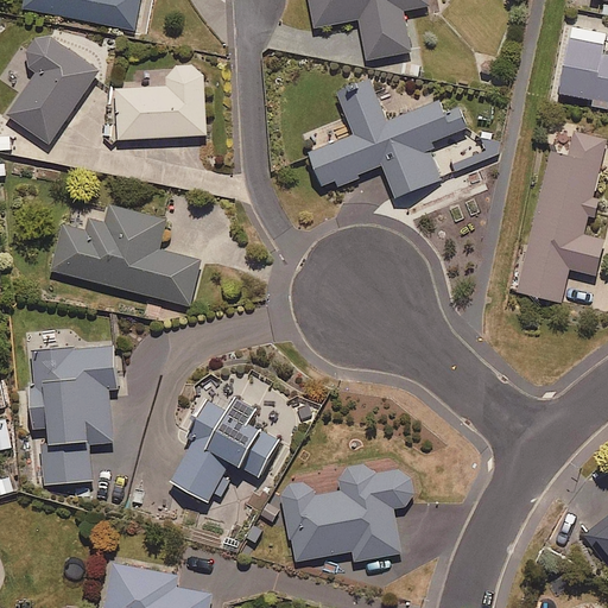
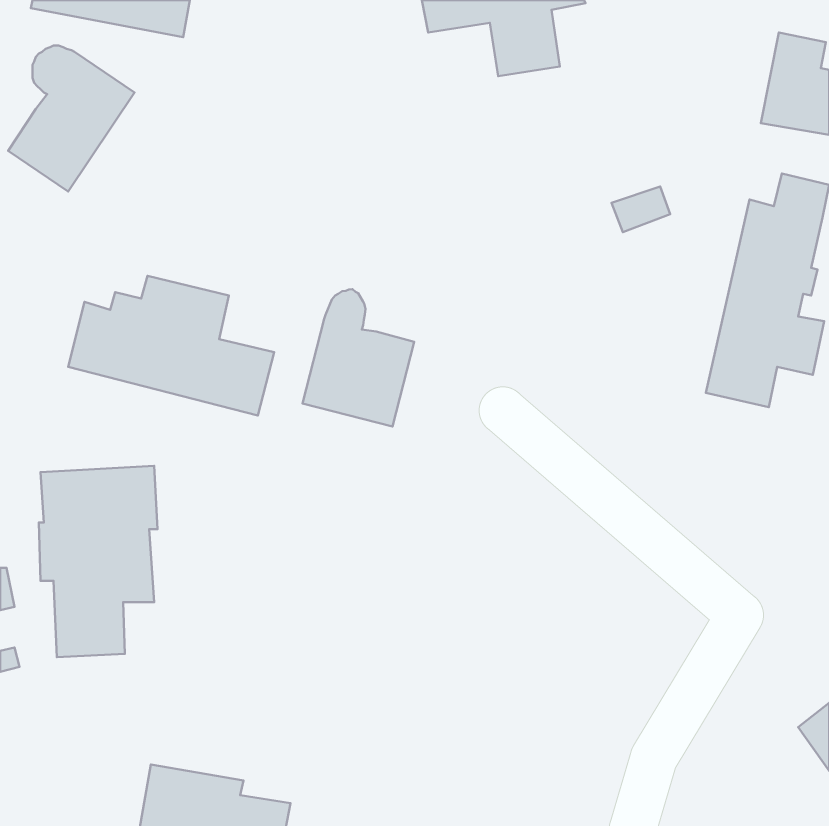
building: [114,63,205,137] -> none
building: [309,78,467,197] -> none
building: none -> [302,289,414,427]
building: [177,387,284,511] -> none
building: [280,464,412,562] -> none

